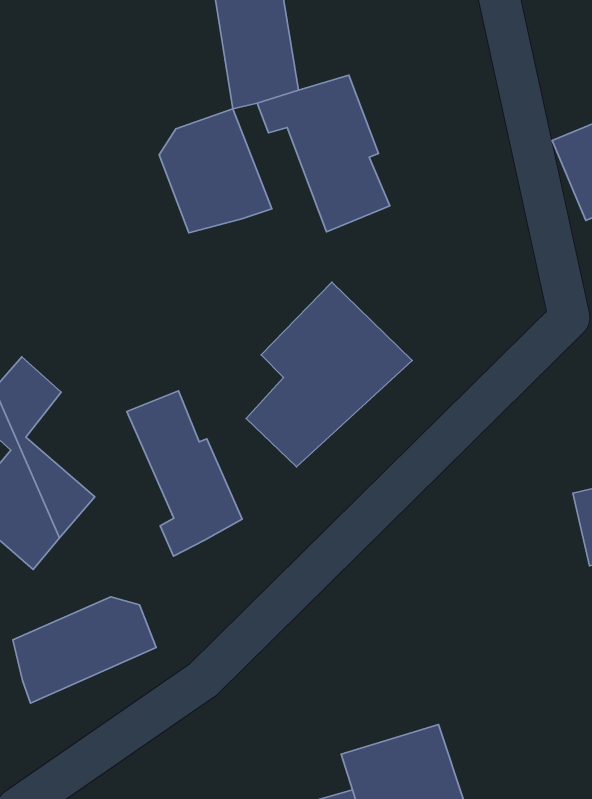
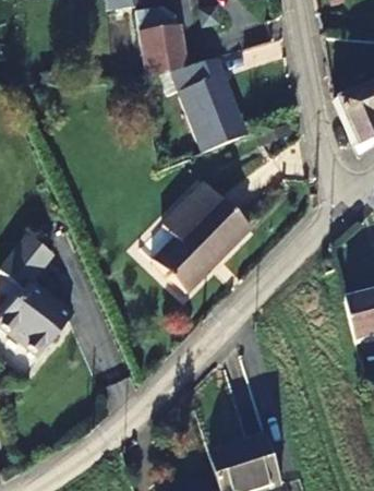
building: [159,109,272,233] -> none
building: [127,391,242,556] -> none
building: [13,597,156,703] -> none

